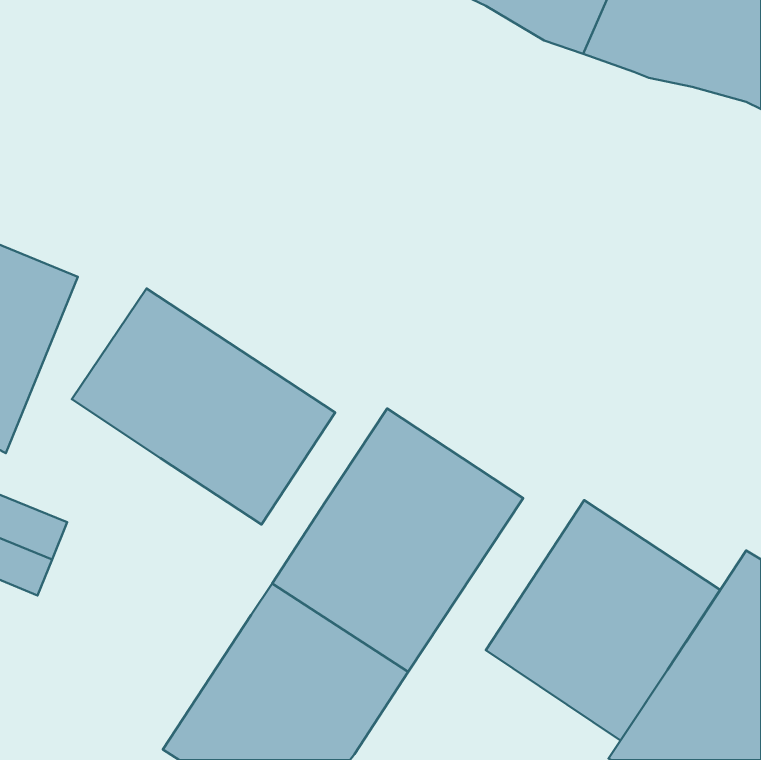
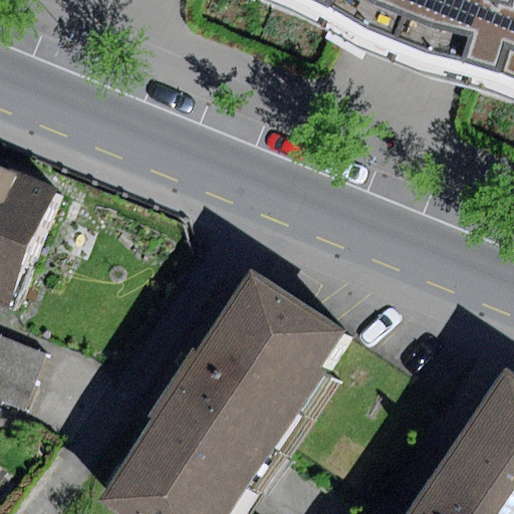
building: [72,288,335,524] -> none
building: [486,500,720,740] -> none

